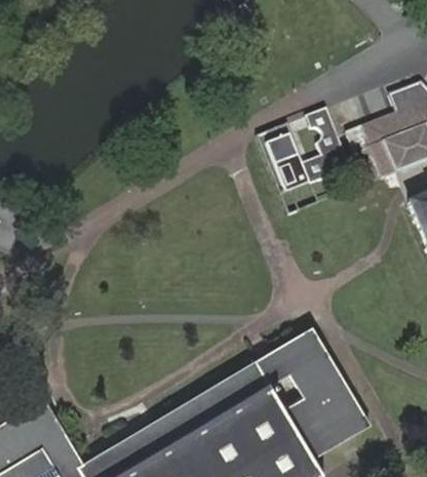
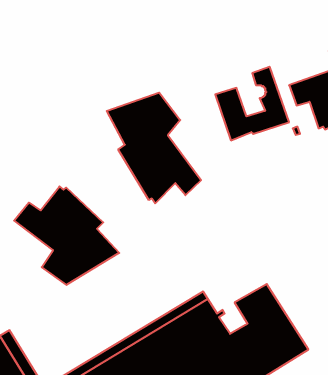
building: none -> [107,93,201,203]
building: none -> [14,186,119,285]
building: [255,326,325,385] -> none

